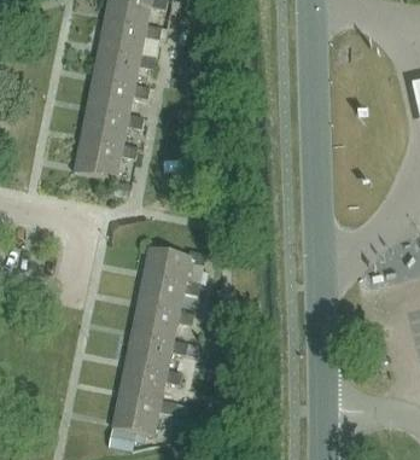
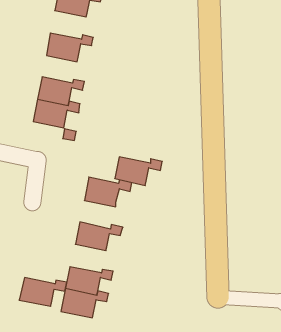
building: [98,22,162,60] -> none
building: [87,82,150,120] -> none
building: [138,278,202,316] -> [115,157,162,186]
building: [124,337,188,375] -> [19,278,67,306]

